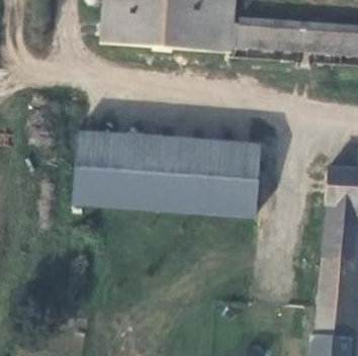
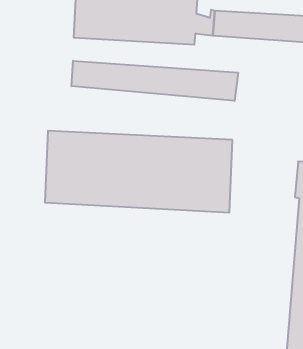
building: none -> [71,61,238,101]

